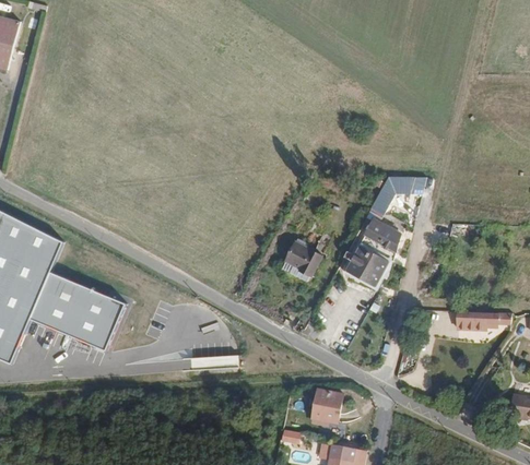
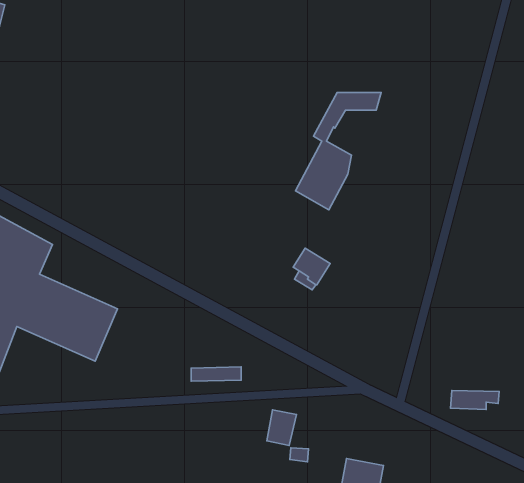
building: [344,179,423,287] -> [296,92,381,210]
building: [446,315,491,333] -> [451,390,499,409]
building: [317,388,344,420] -> [267,410,296,446]

